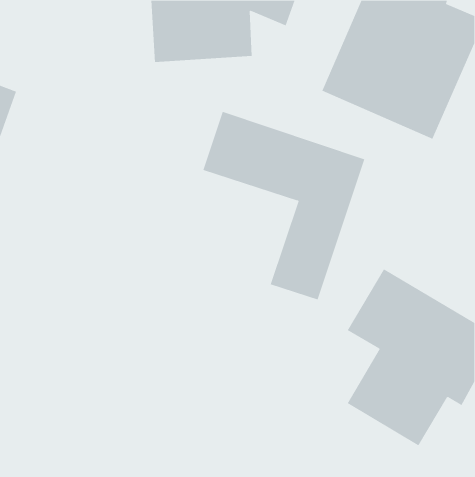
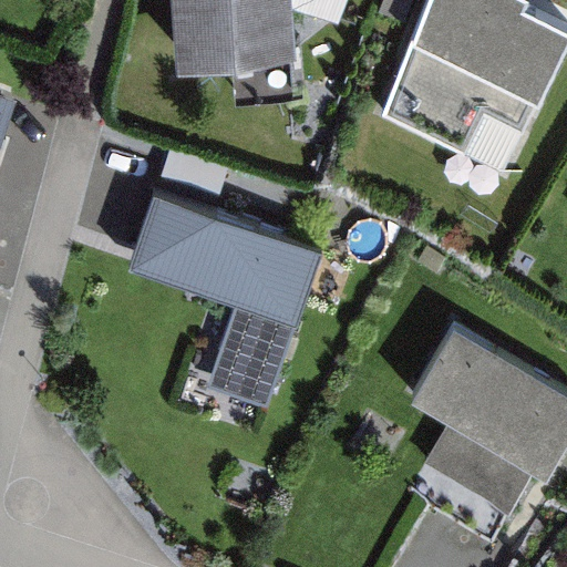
building: [202,111,365,300] -> [126,188,319,412]

